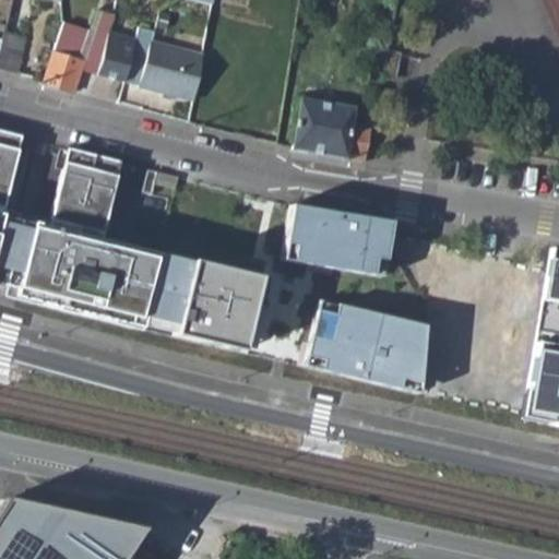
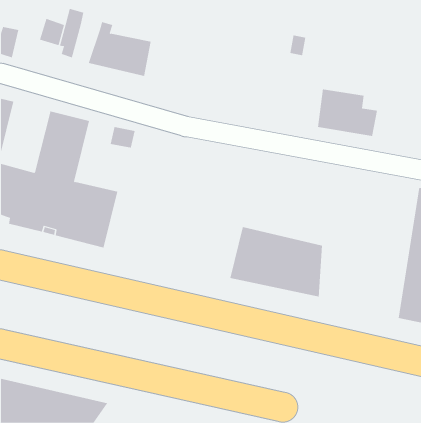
building: [100,33,135,82] -> none
building: [45,52,88,94] -> none
building: [295,97,374,159] -> [317,89,378,136]
building: [285,203,394,274] -> none
building: [142,251,263,348] -> none

